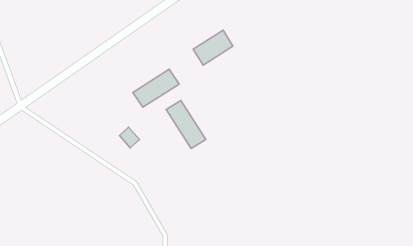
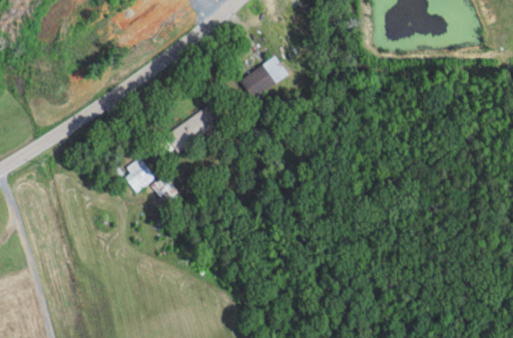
building: [166,101,206,148] -> none
building: none -> [126,158,156,193]

